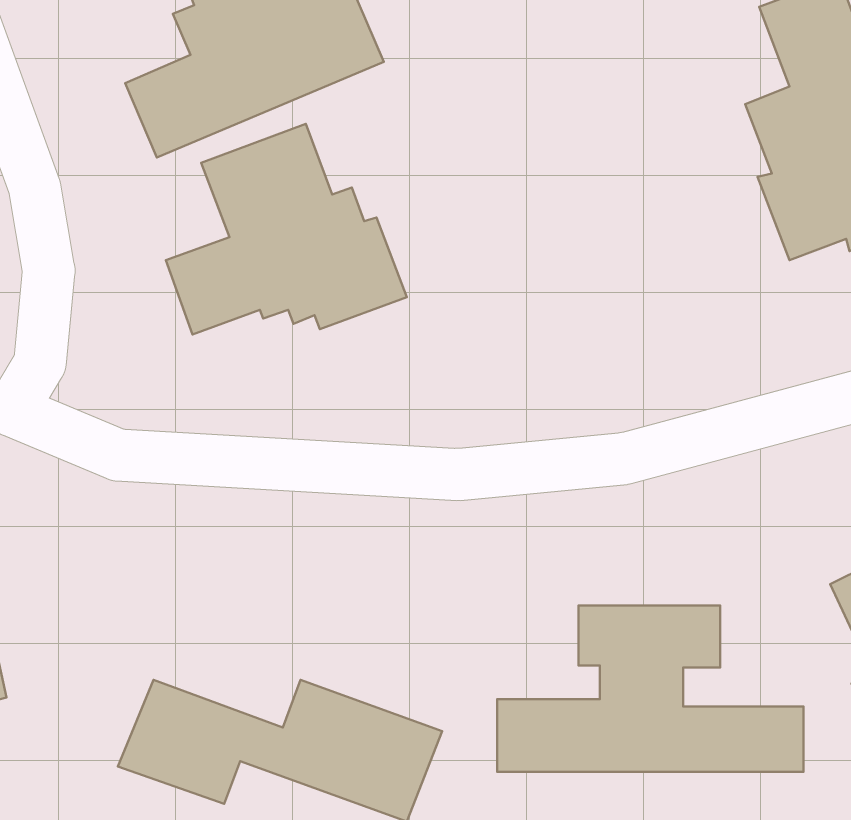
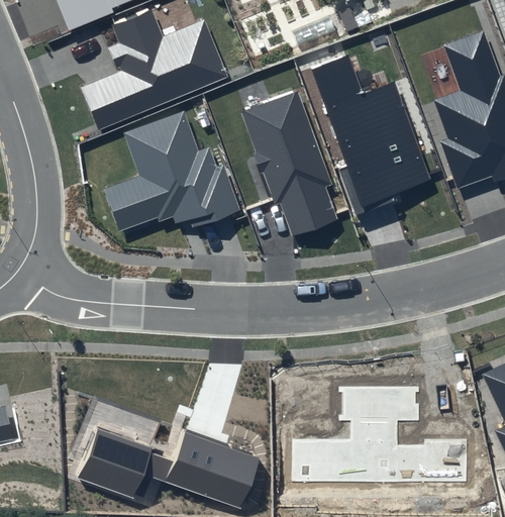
building: none -> [311,55,432,206]
building: none -> [240,90,337,235]

